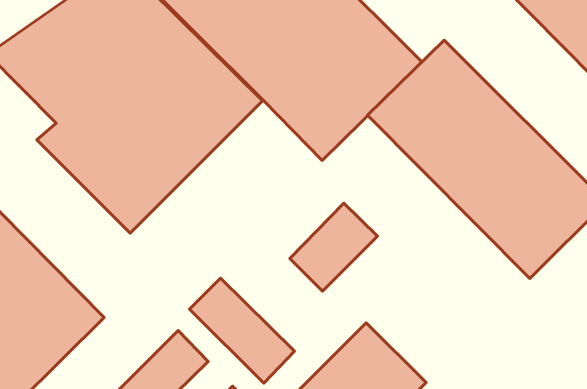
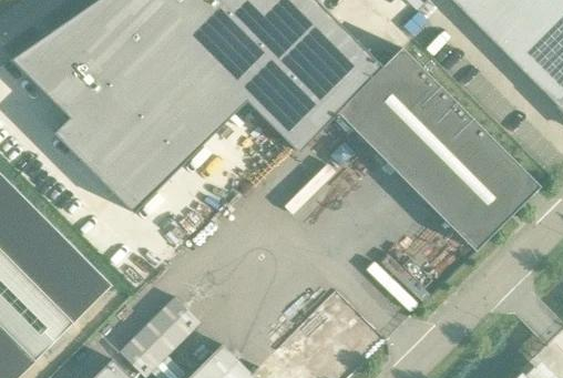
building: [290,203,378,291] -> none
building: [190,278,295,383] -> none

